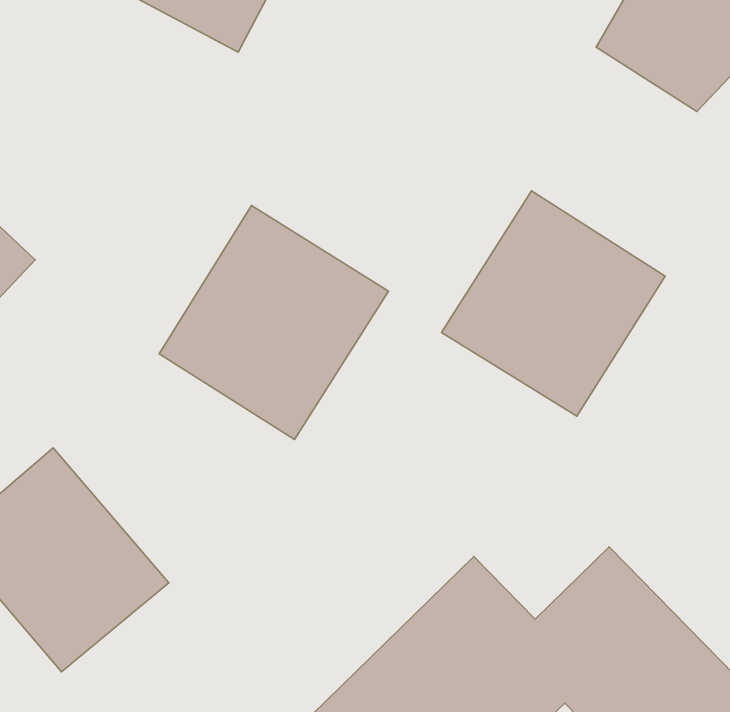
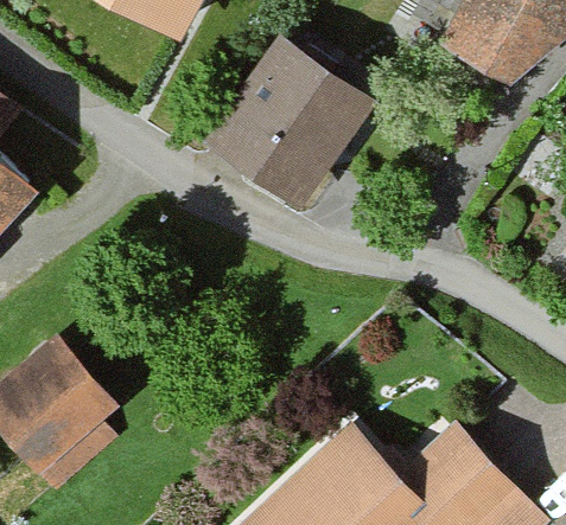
building: [442,191,665,416] -> none
building: [159,205,389,440] -> [212,45,377,213]

